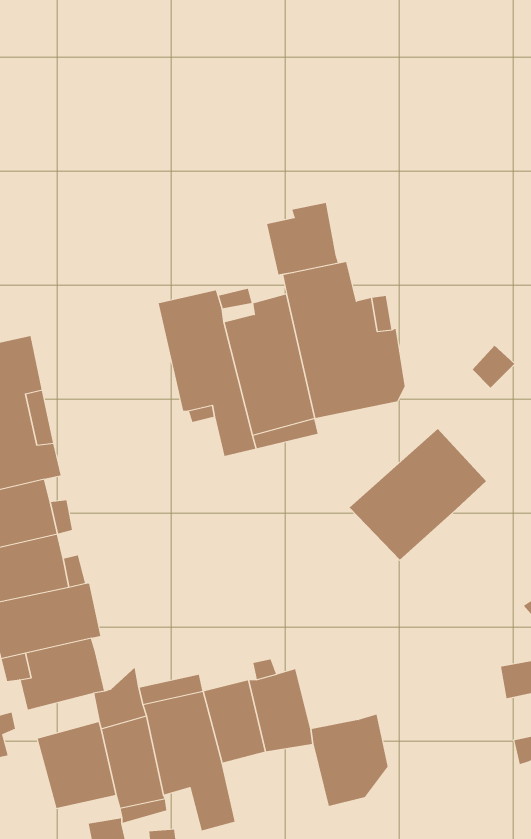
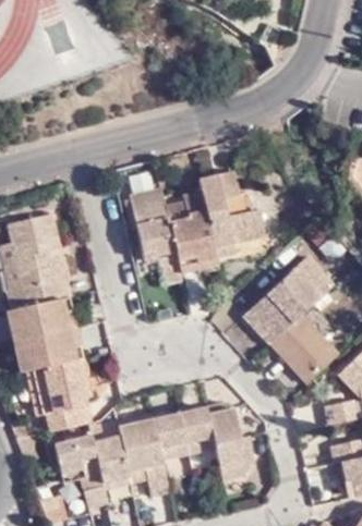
building: [266,202,339,275] -> none
building: none -> [288,255,333,299]
building: none -> [266,316,335,384]
building: none -> [206,404,242,442]

